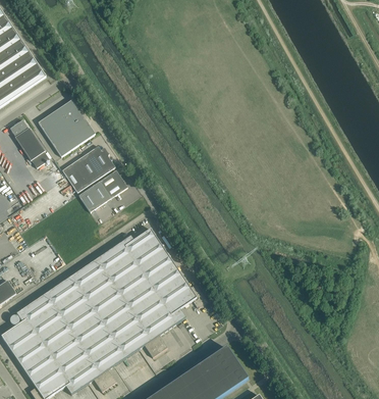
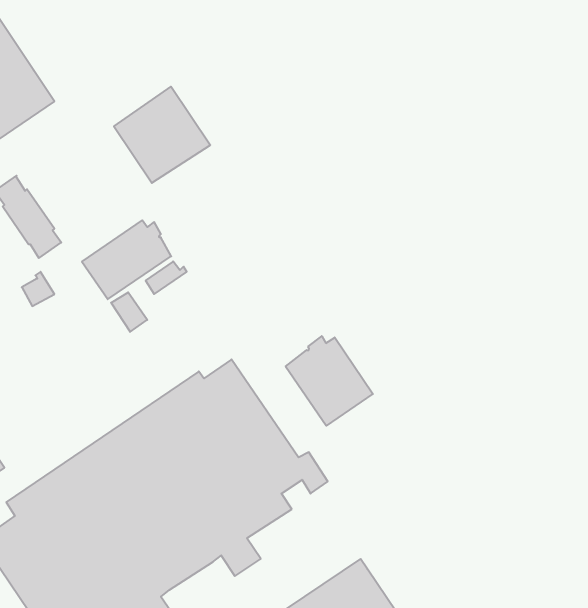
building: [38,99,95,156] -> [114,87,210,183]
building: [89,177,127,205] -> none
building: none -> [286,336,373,426]

